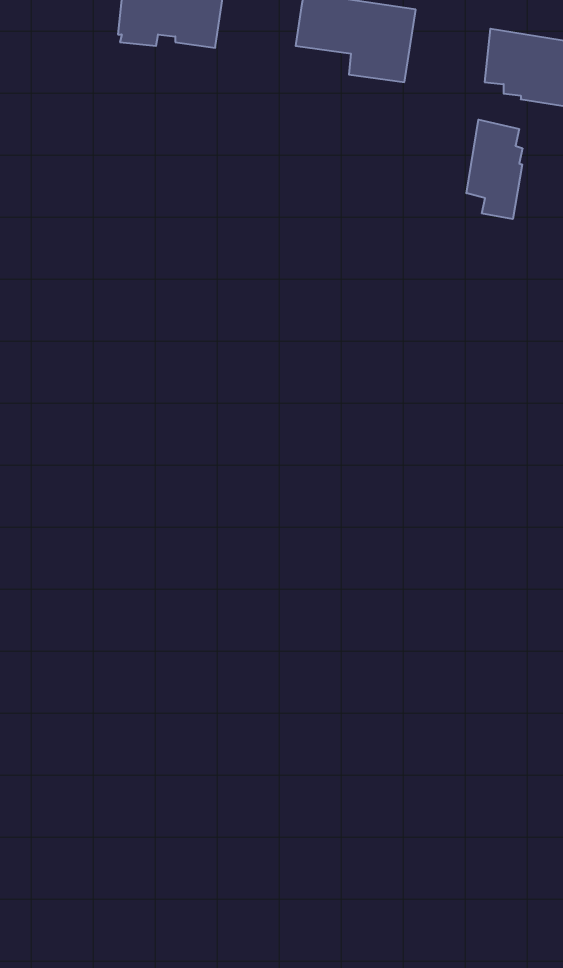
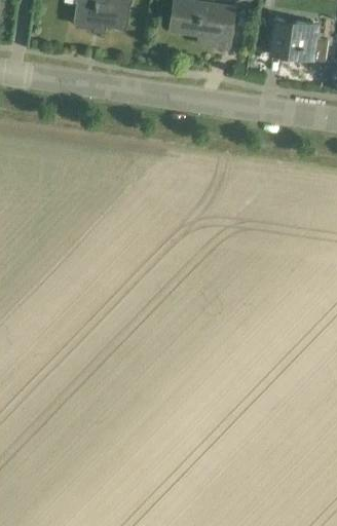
building: [466,120,522,219] -> none

